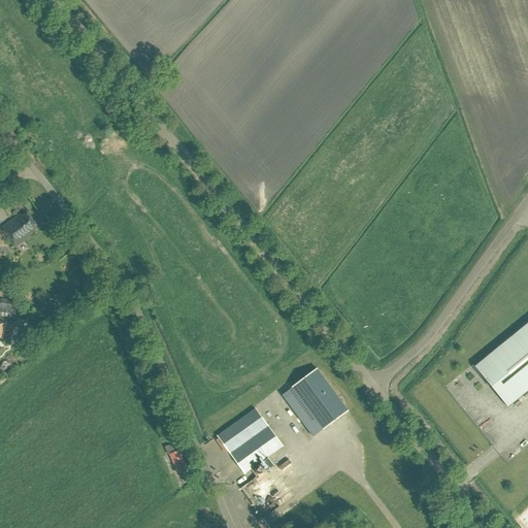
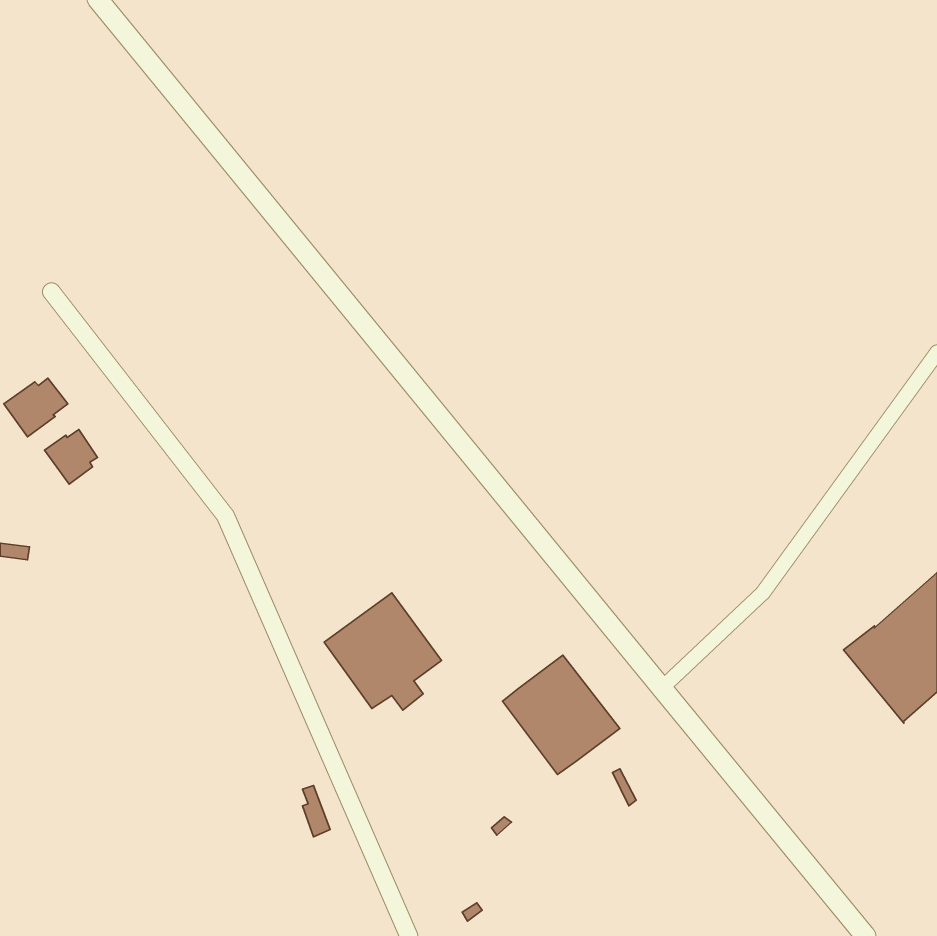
building: none -> [45,430,98,484]
building: [218,407,284,473] -> [324,593,441,710]

